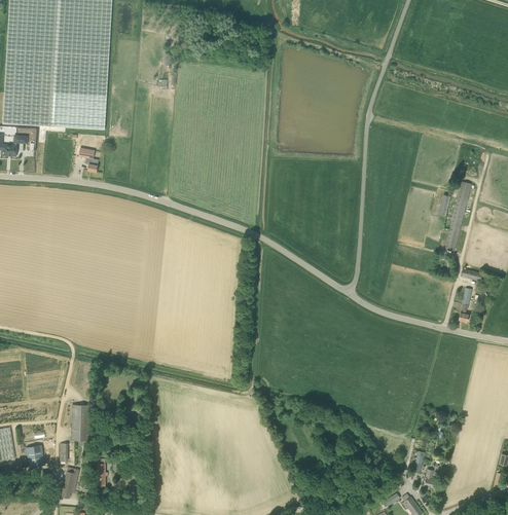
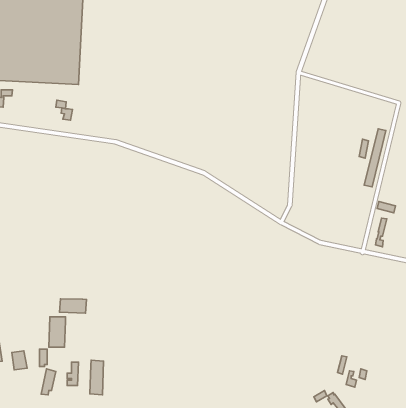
building: none -> [60,299,86,313]
building: none -> [90,360,104,395]

